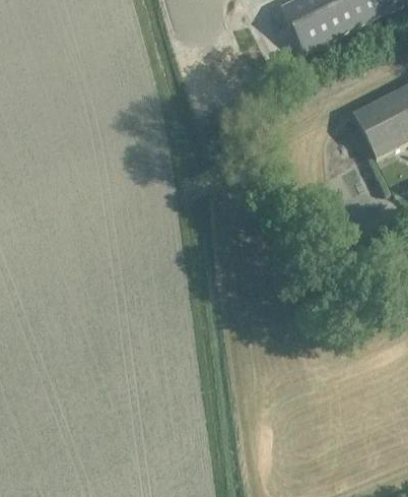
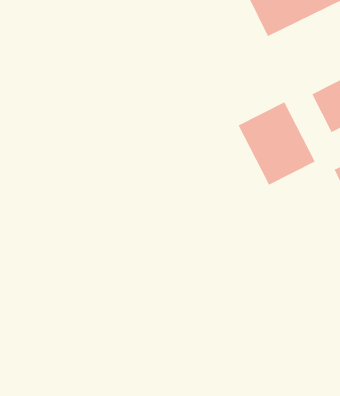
building: none -> [238,101,315,185]

